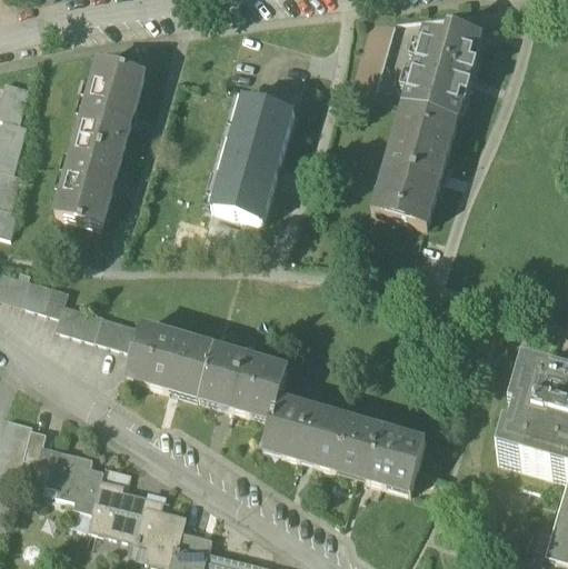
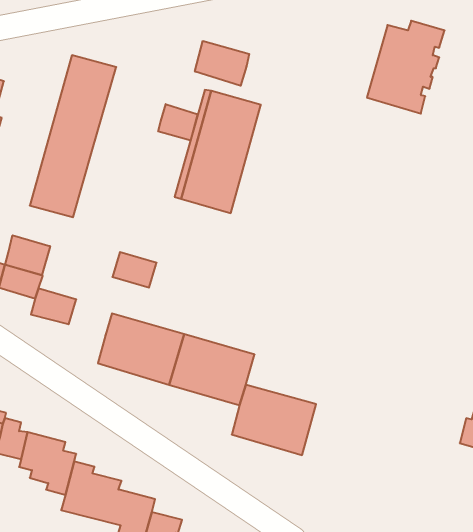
building: none -> [195,41,249,86]
building: [371,102,458,226] -> none
building: none -> [158,104,197,141]
building: none -> [5,235,50,275]
building: [96,310,141,347] -> [112,252,157,288]
building: [336,418,423,491] -> none

